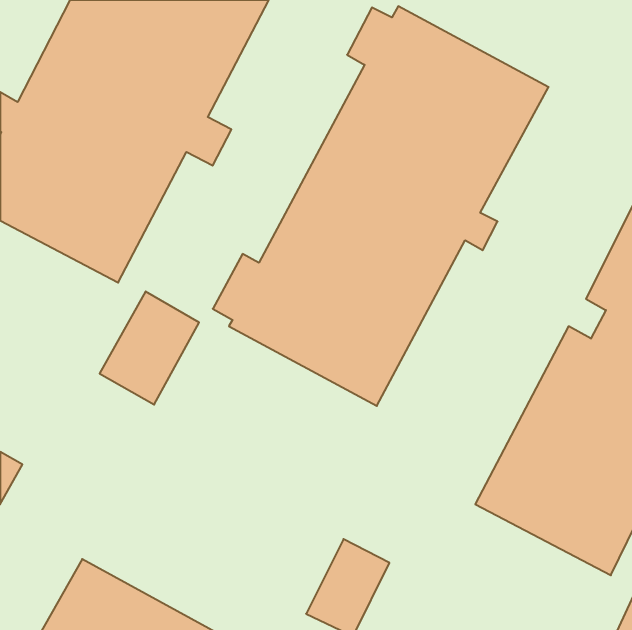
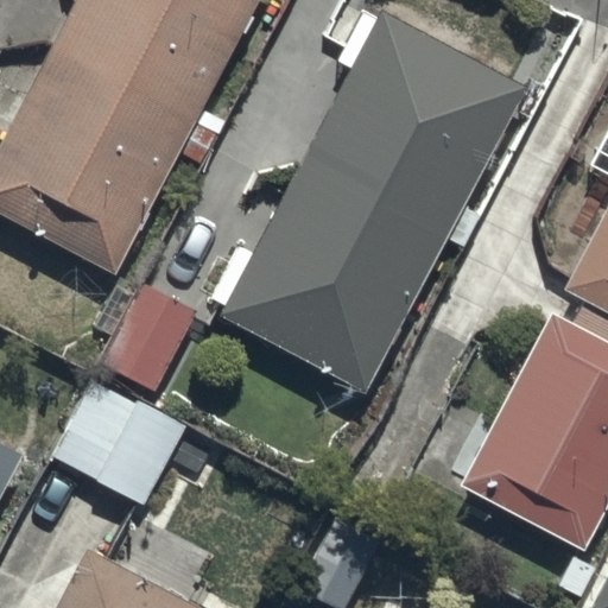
building: none -> [52,374,189,504]

